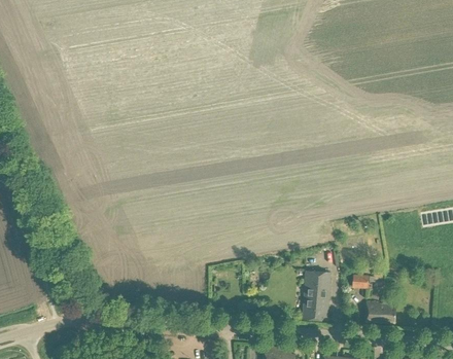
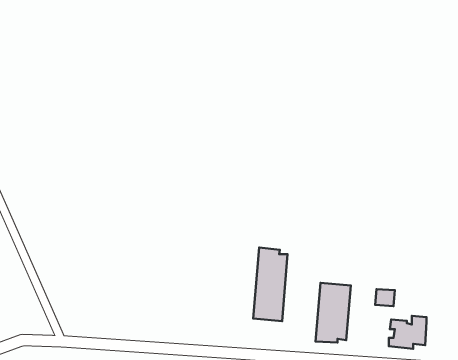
building: none -> [253,247,287,321]

